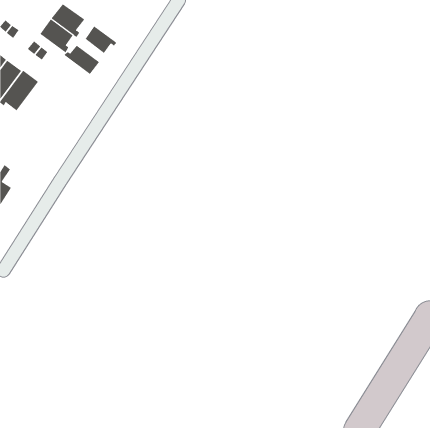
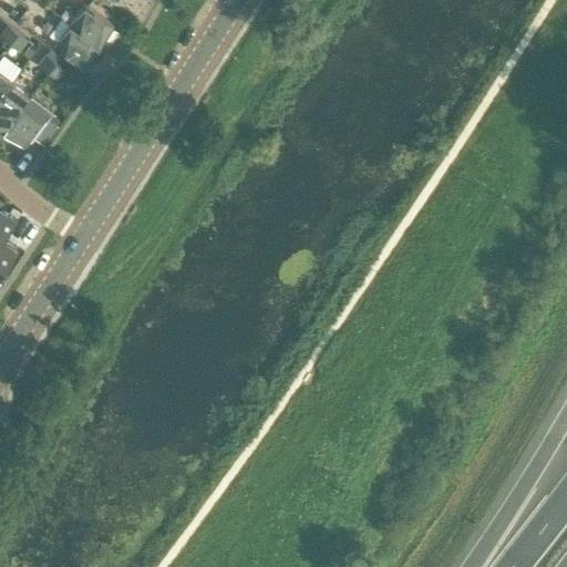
building: [85,26,117,54] -> none
building: [64,45,100,75] -> none

